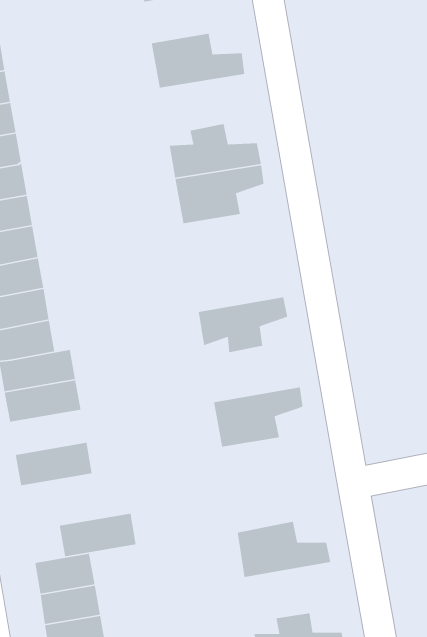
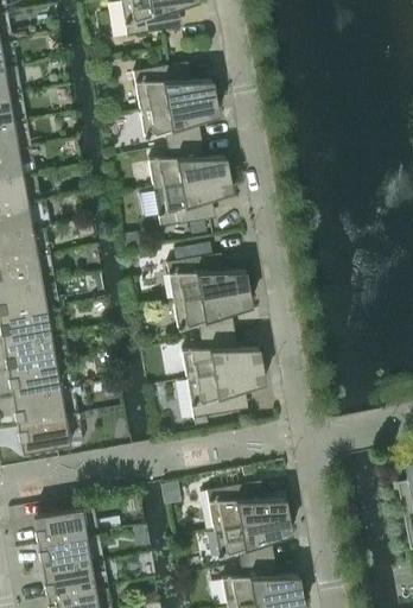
building: none -> [140,97,217,145]
building: none -> [166,242,247,300]
building: none -> [182,330,261,378]
building: [59,513,137,557] -> [12,385,78,423]
building: none -> [212,515,290,563]

